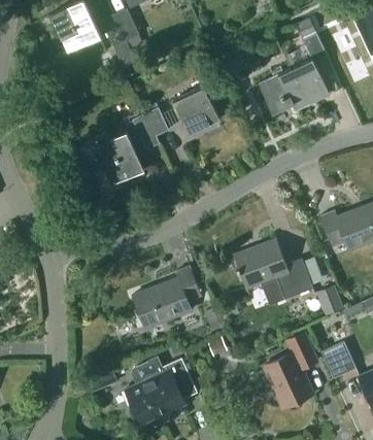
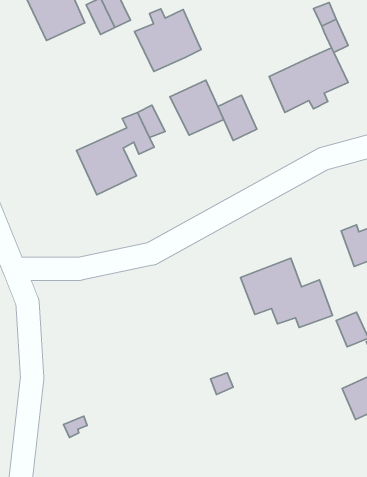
building: none -> [135,9,201,72]
building: none -> [218,95,257,140]
building: [133,267,201,329] -> none
building: [264,334,316,408] -> none
building: [127,358,197,425] -> none

